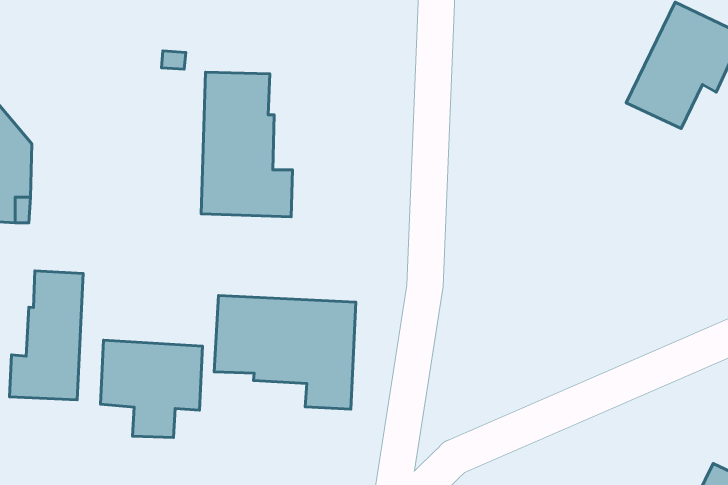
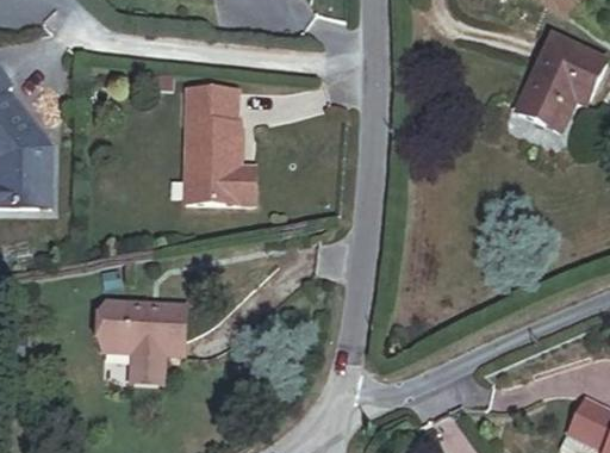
building: [9,271,83,400] -> none
building: [214,296,356,409] -> none

